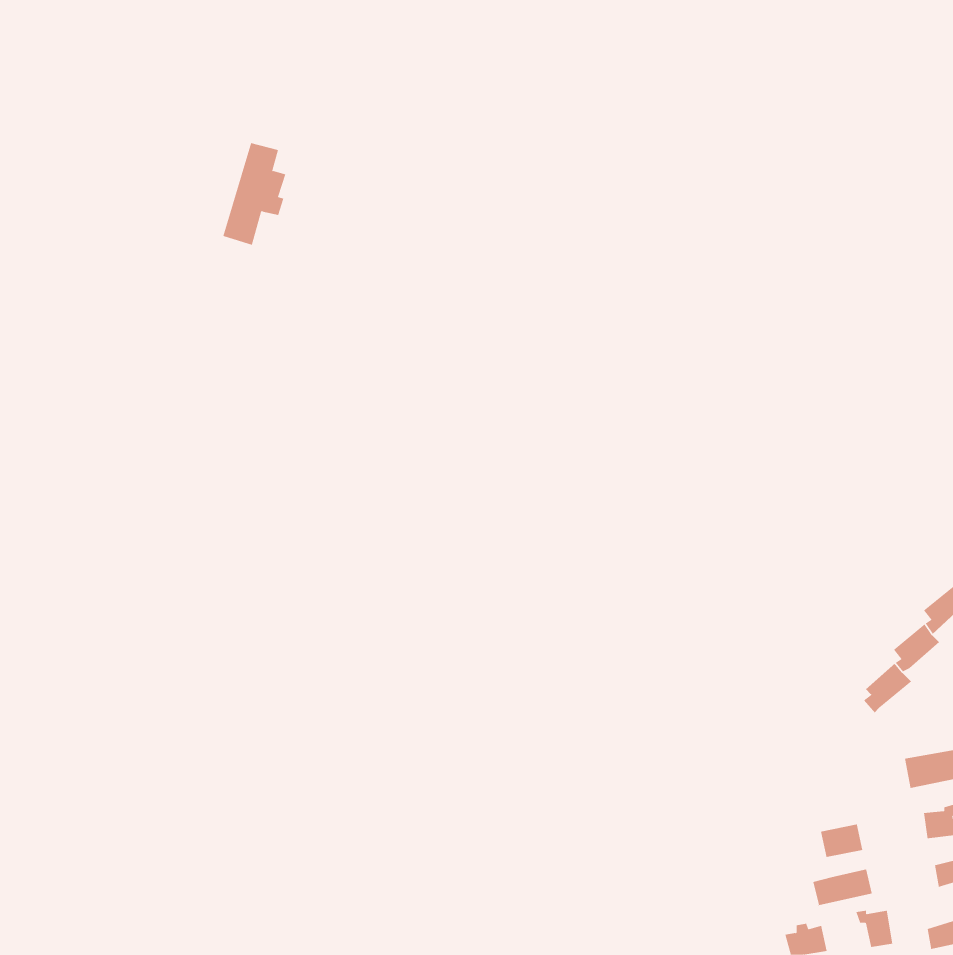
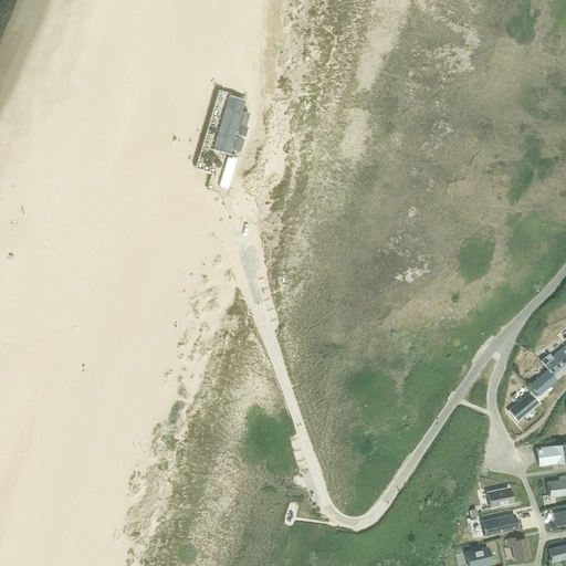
building: [223,142,286,245] -> [211,96,249,157]

